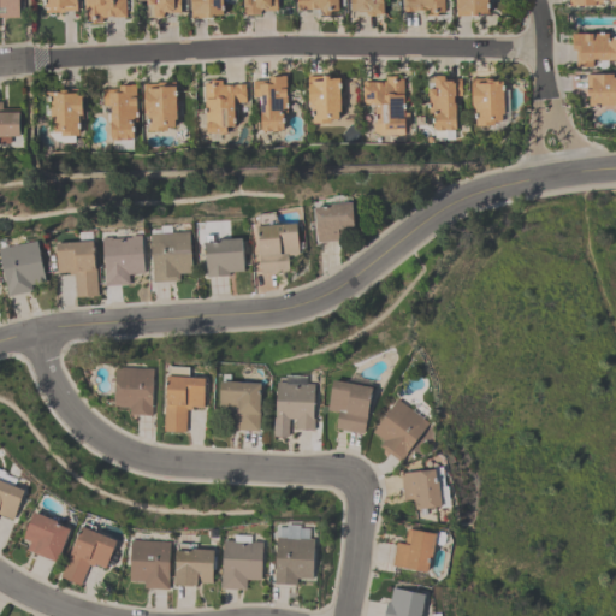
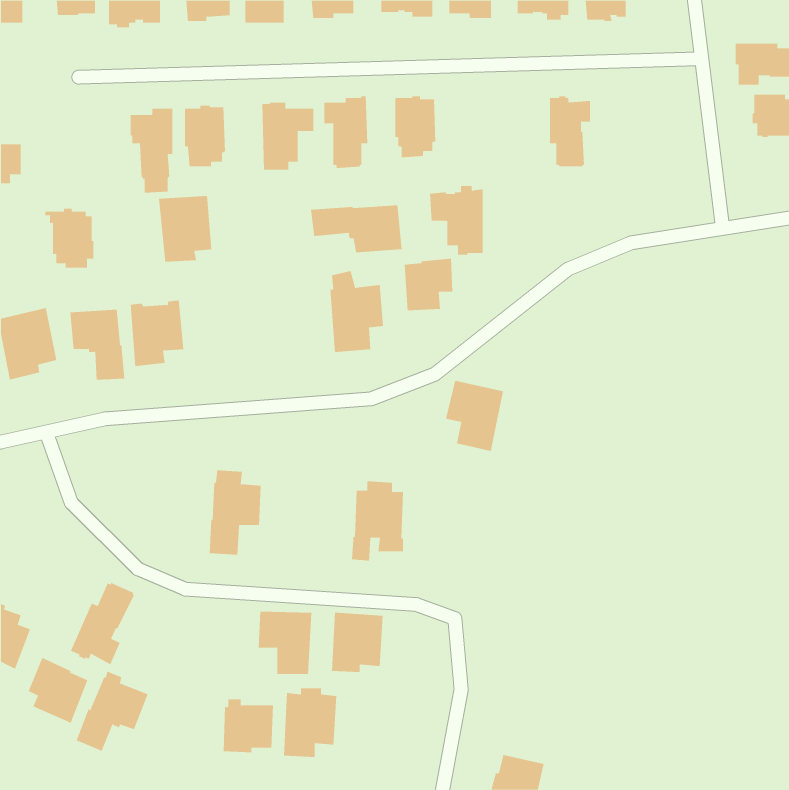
building: [362,76,404,130] -> [429,186,483,255]
building: [470,78,503,125] -> none
building: [45,89,83,136] -> [45,208,94,268]
building: none -> [311,204,402,253]
building: [150,230,192,282] -> [158,196,212,262]
building: [205,235,244,276] -> none
building: [113,366,154,415] -> none
building: [327,379,373,434] -> [445,380,504,451]
building: [219,381,261,431] -> [258,611,312,674]
building: [372,398,430,461] -> none
building: none -> [70,582,135,665]
building: [401,468,442,509] -> none
building: [391,528,436,573] -> none
building: [274,537,315,584] -> [331,612,384,673]
building: [129,539,171,590] -> none

